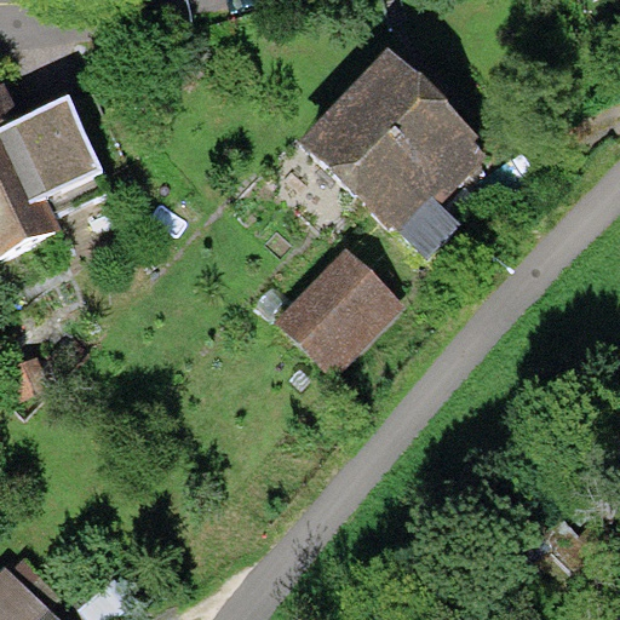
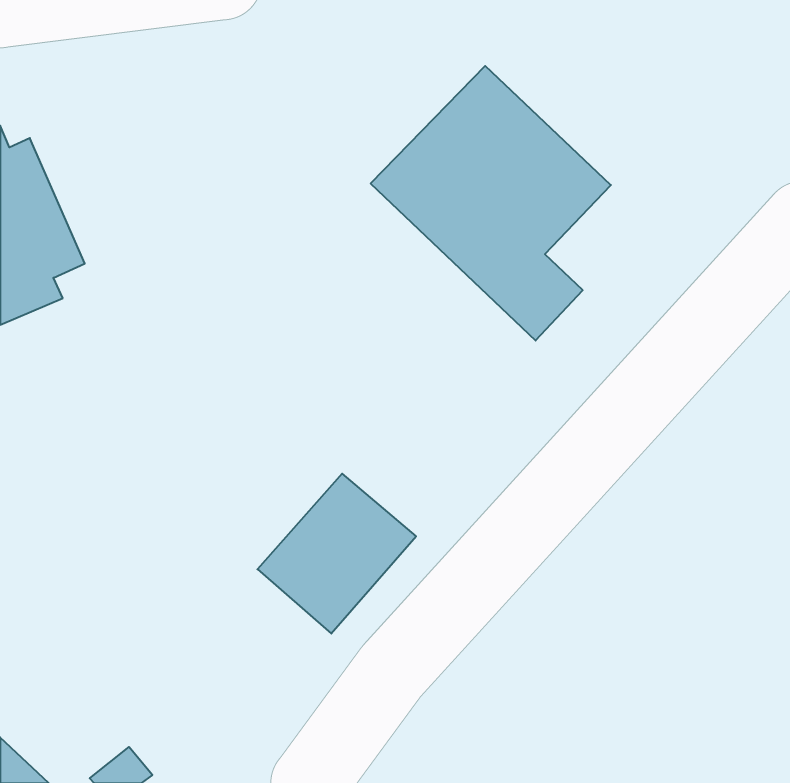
building: [285,246,407,369] -> [257,474,416,634]

